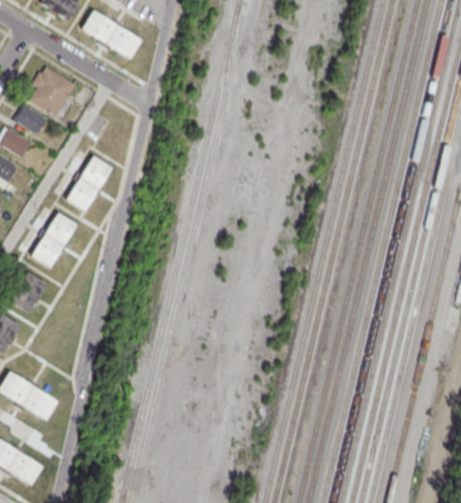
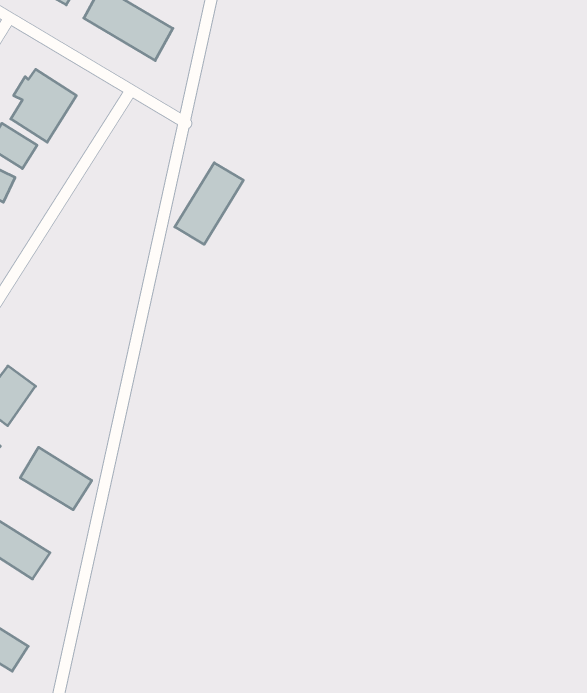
building: [65,155,112,212] -> [175,163,243,244]
building: [30,212,77,269] -> none
building: none -> [20,447,92,510]

